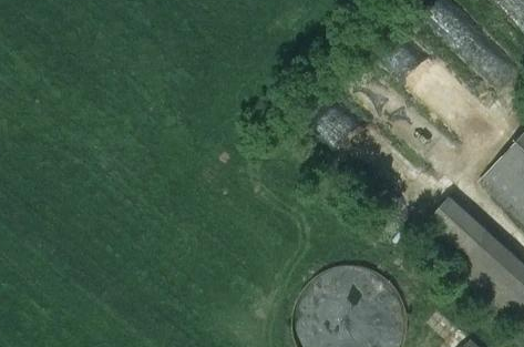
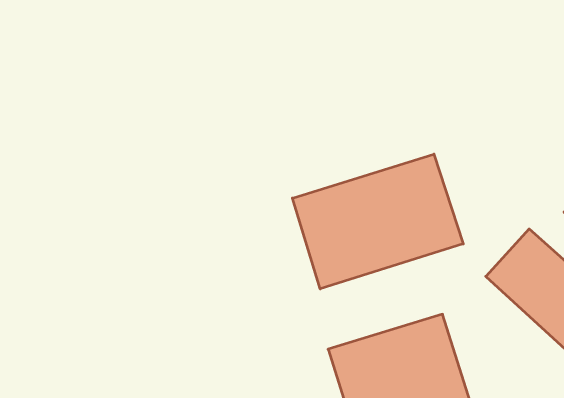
building: none -> [292,154,463,289]

